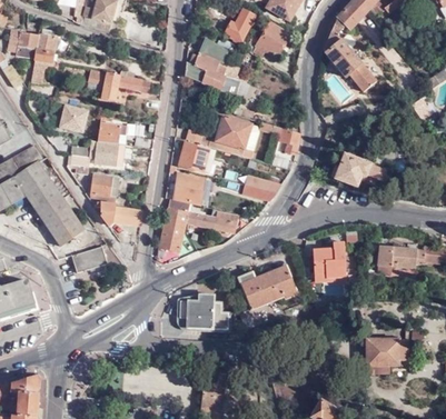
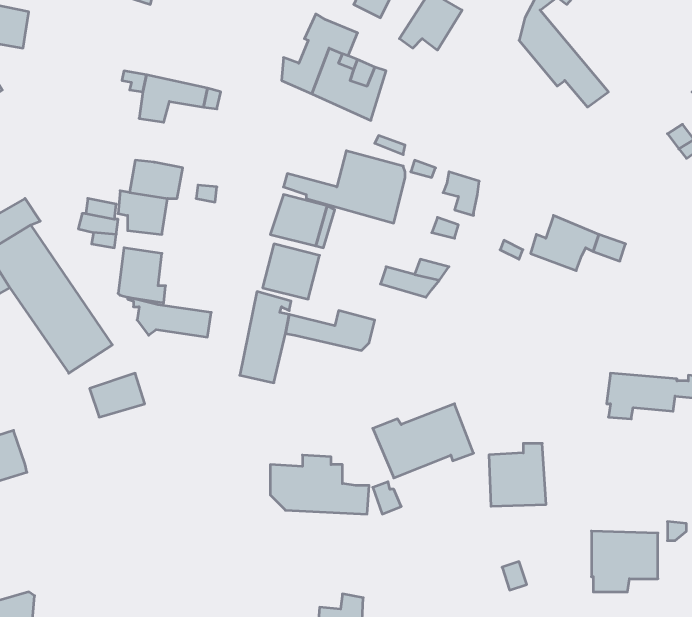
building: [31,34,57,82] -> none
building: [56,94,86,130] -> none
building: [315,241,348,278] -> [489,443,546,506]

